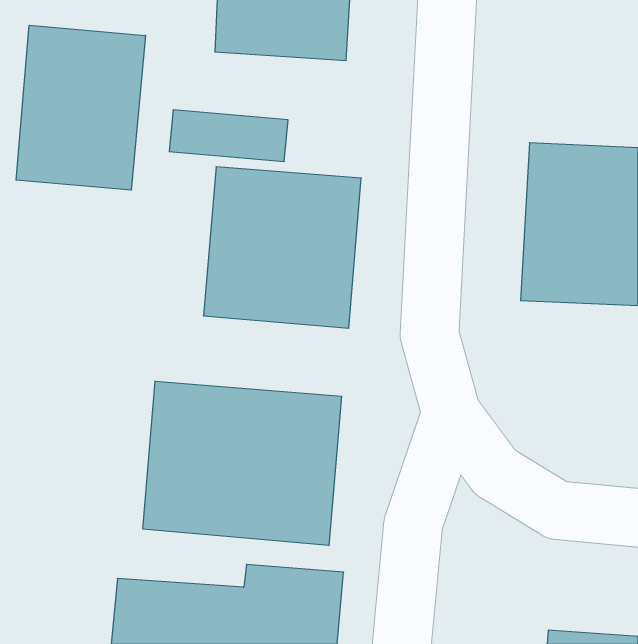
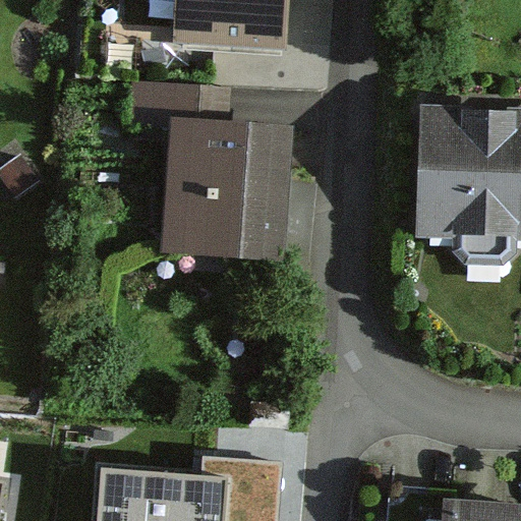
building: [16,25,145,190] -> none
building: [143,381,341,546] -> none

